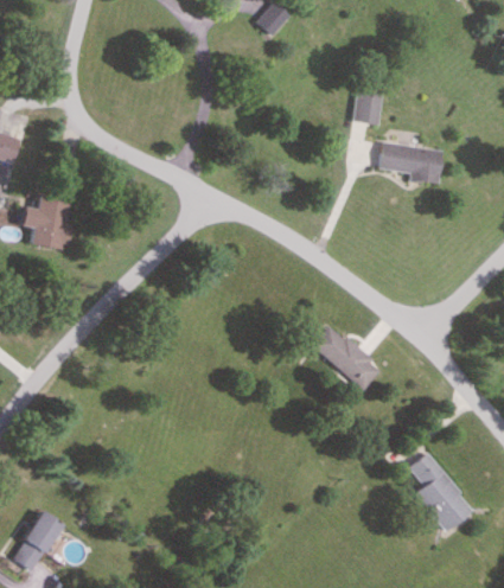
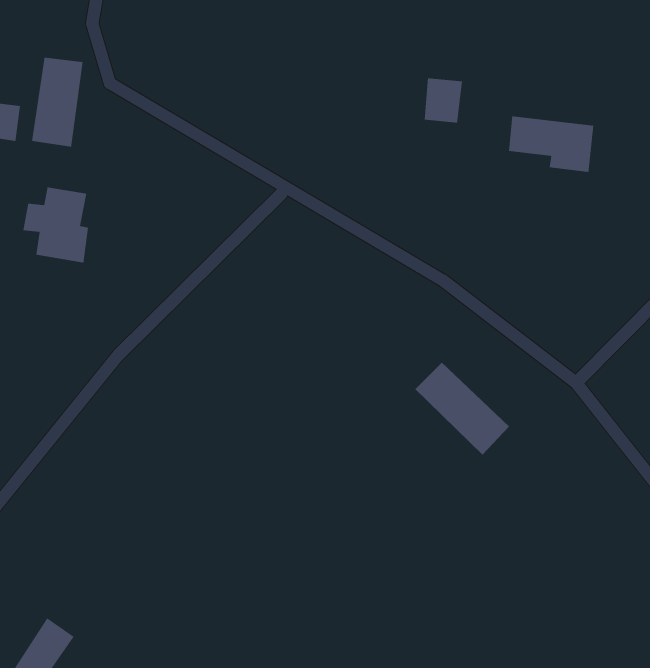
building: [355,91,383,124] -> [424,78,463,123]
building: none -> [31,57,83,148]
building: [407,452,467,531] -> none

